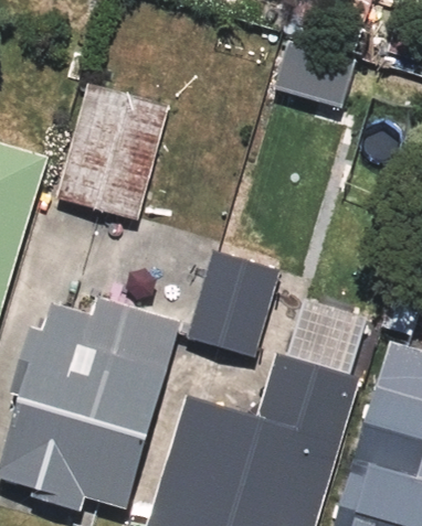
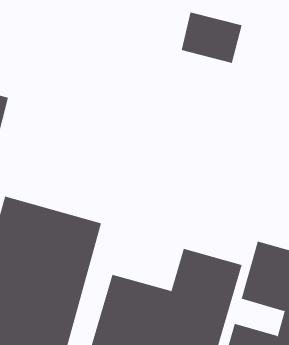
building: [54,71,178,225] -> none
building: [186,250,283,364] -> none

